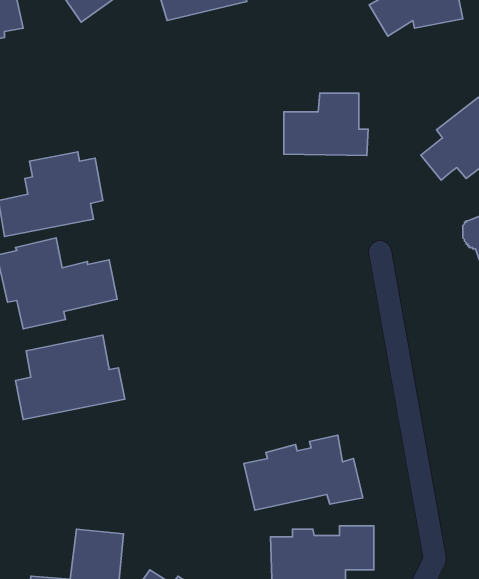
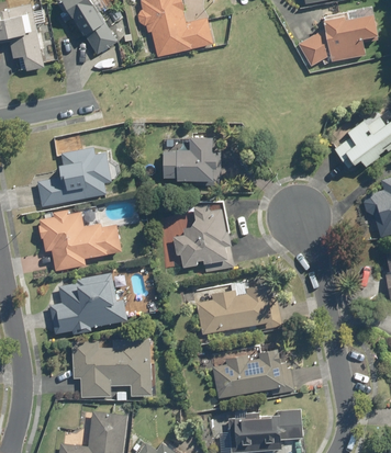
building: [284,93,368,156] -> [163,136,222,180]
building: none -> [174,214,235,272]
building: none -> [196,283,284,333]
building: none -> [74,341,153,398]

